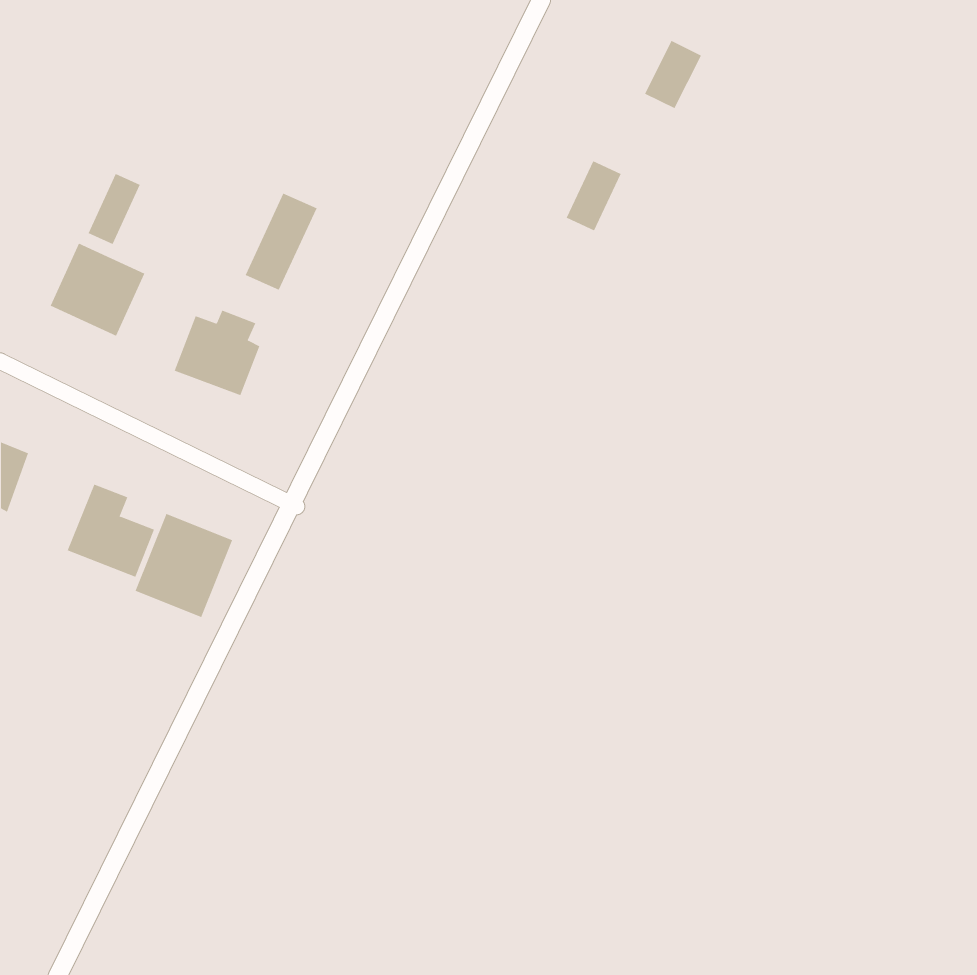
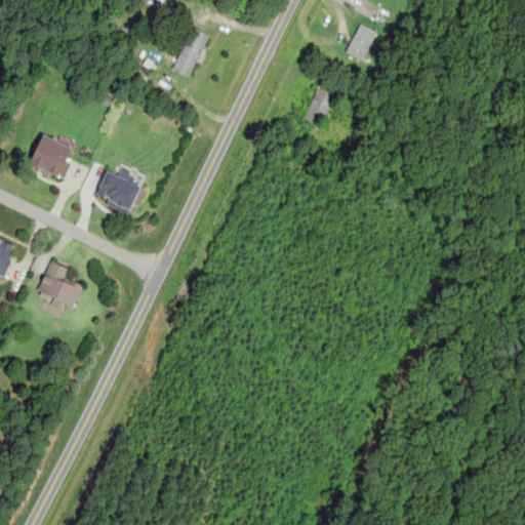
building: [88,173,141,245] -> none
building: [245,193,317,290] -> [171,26,210,78]
building: [135,513,233,618] -> none

